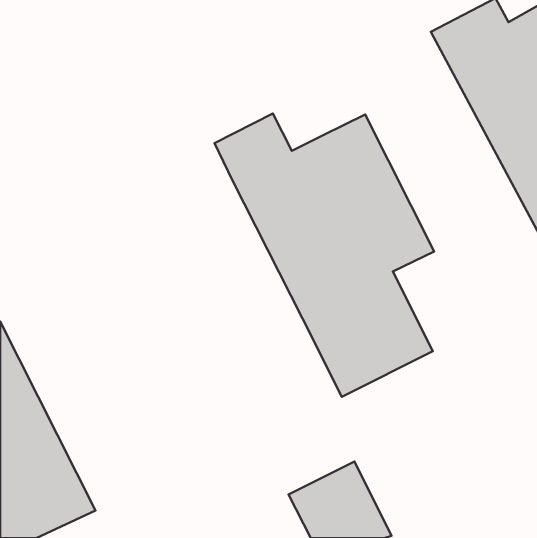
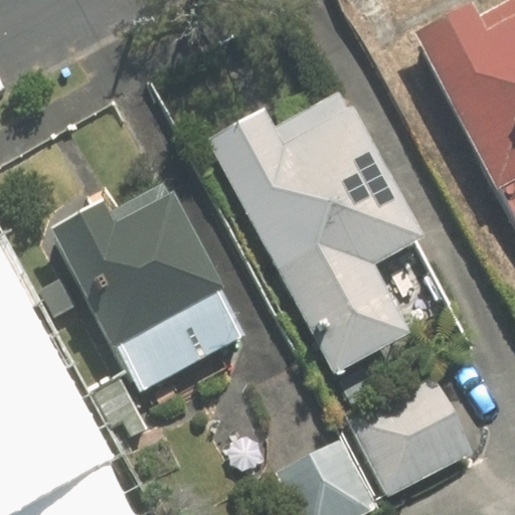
building: none -> [57,190,243,389]
building: none -> [350,378,472,496]

